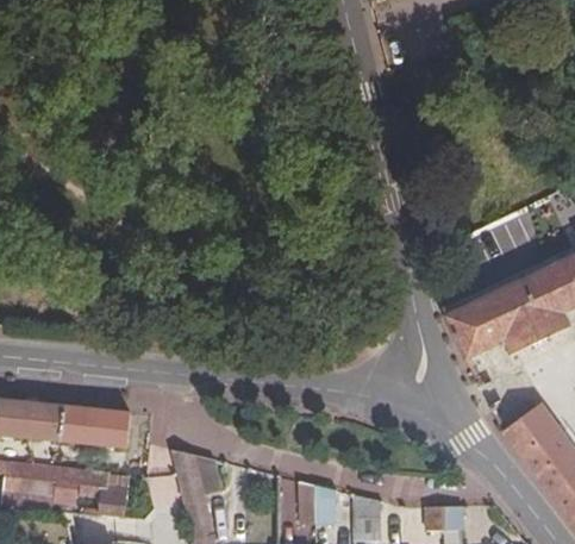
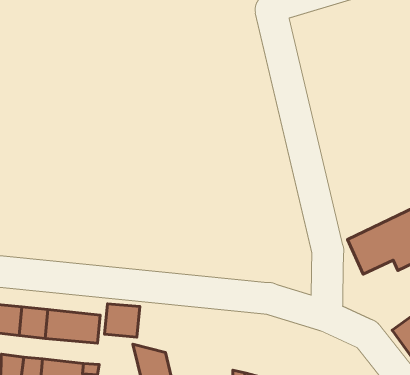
building: none -> [104,304,140,337]

